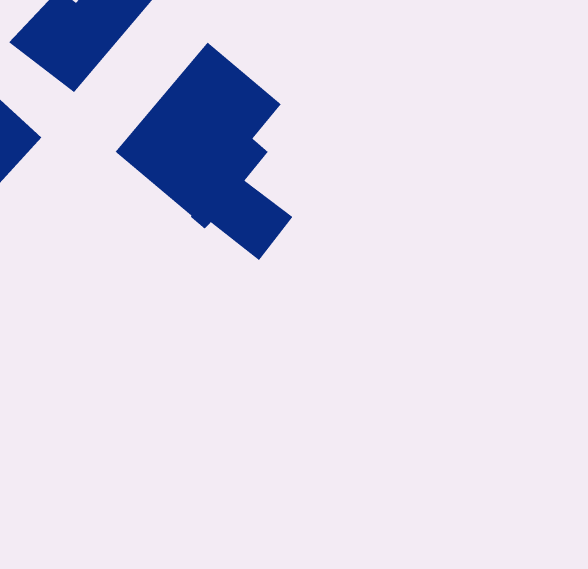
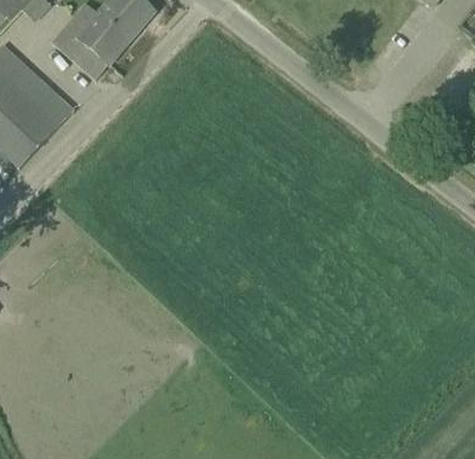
building: [115,42,294,261] -> none

